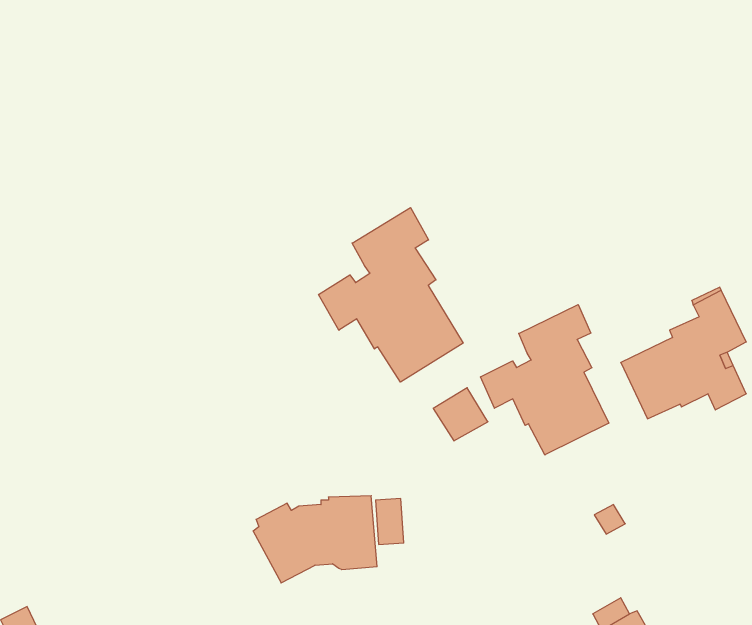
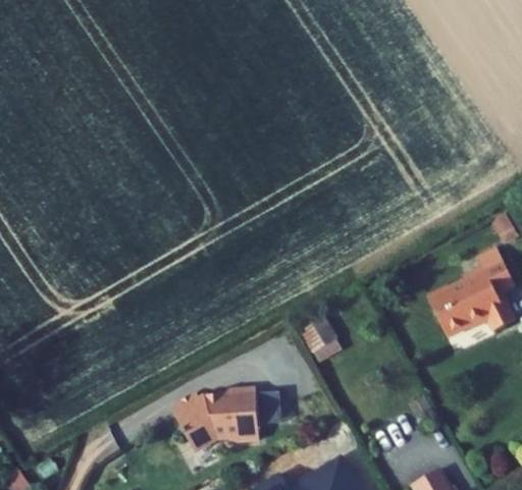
building: [319,208,463,382] -> none
building: [481,305,609,455] -> none

